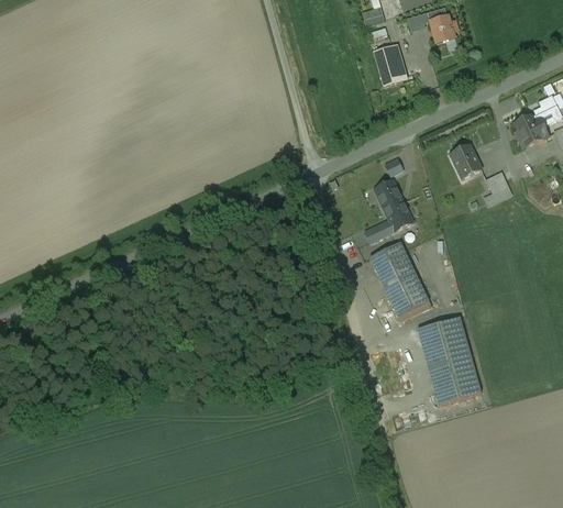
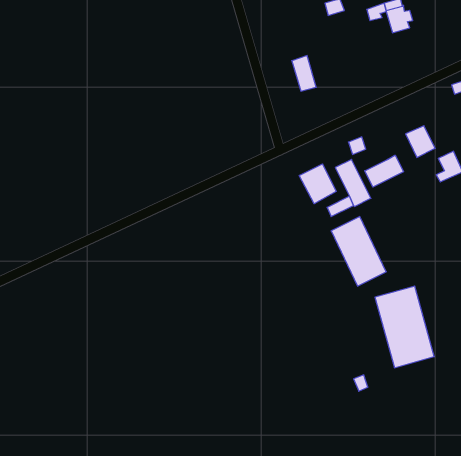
building: [374,46,400,85] -> [292,56,316,91]
building: none -> [365,155,404,187]
building: none -> [299,164,336,204]

